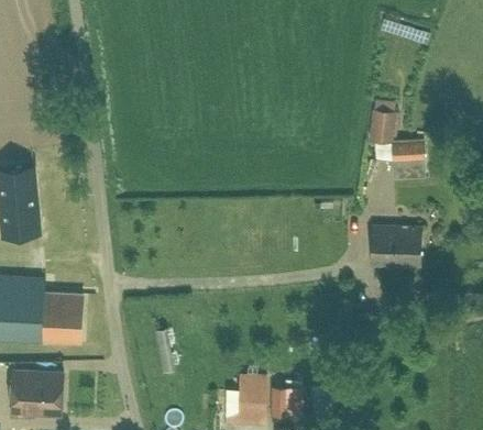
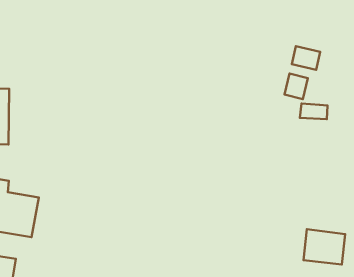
building: none -> [292,46,320,70]
building: [372,227,419,265] -> [303,229,345,264]

